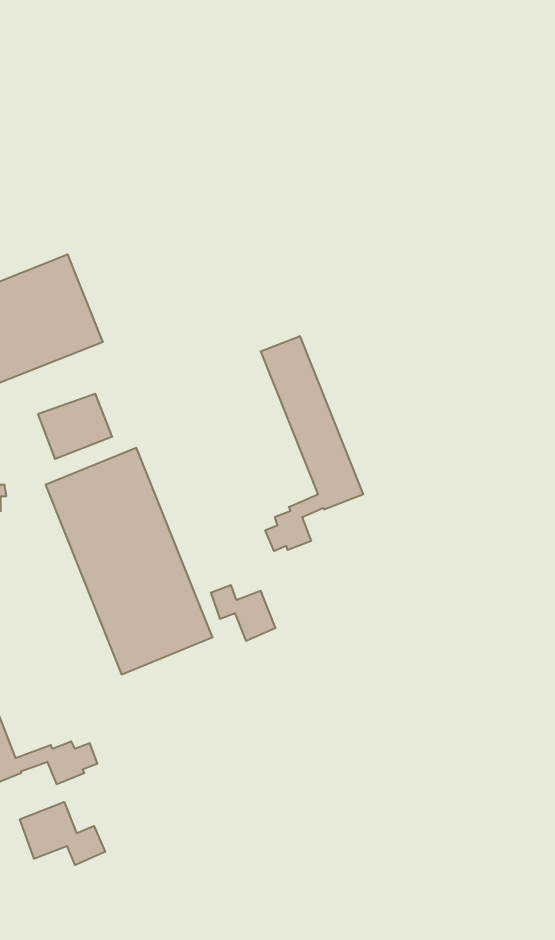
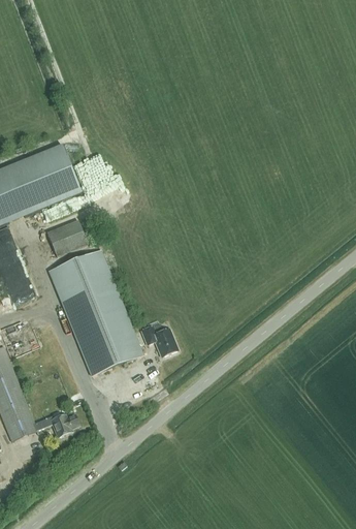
building: [261,336,363,551] -> none
building: [20,802,105,865] -> none

